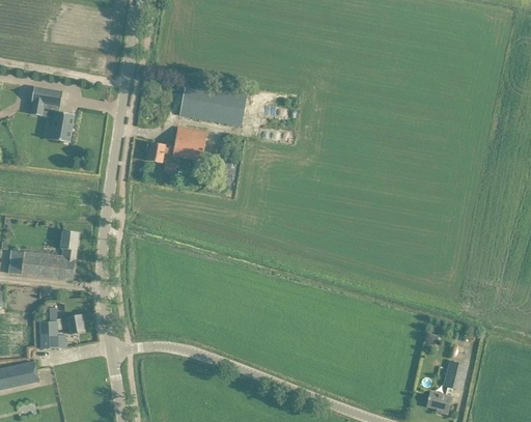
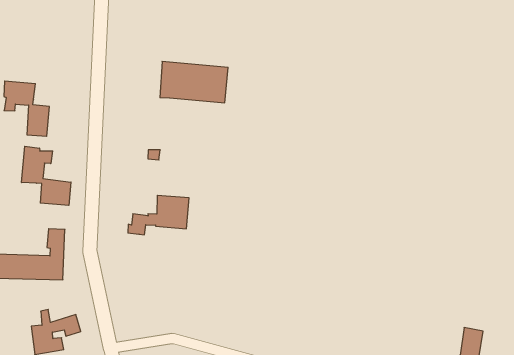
building: [145,126,206,163] -> [128,195,189,235]
building: none -> [22,146,71,205]

